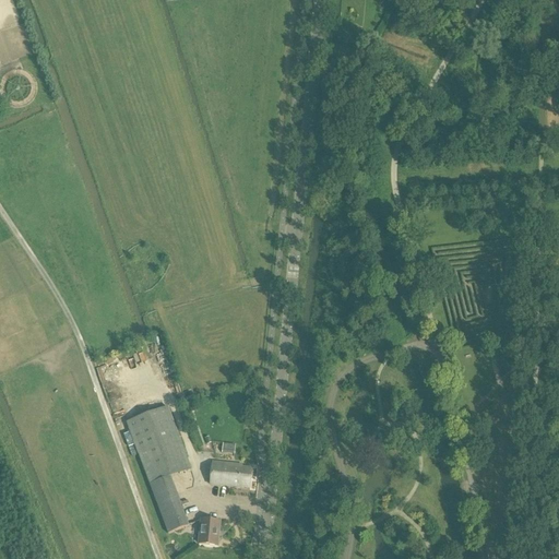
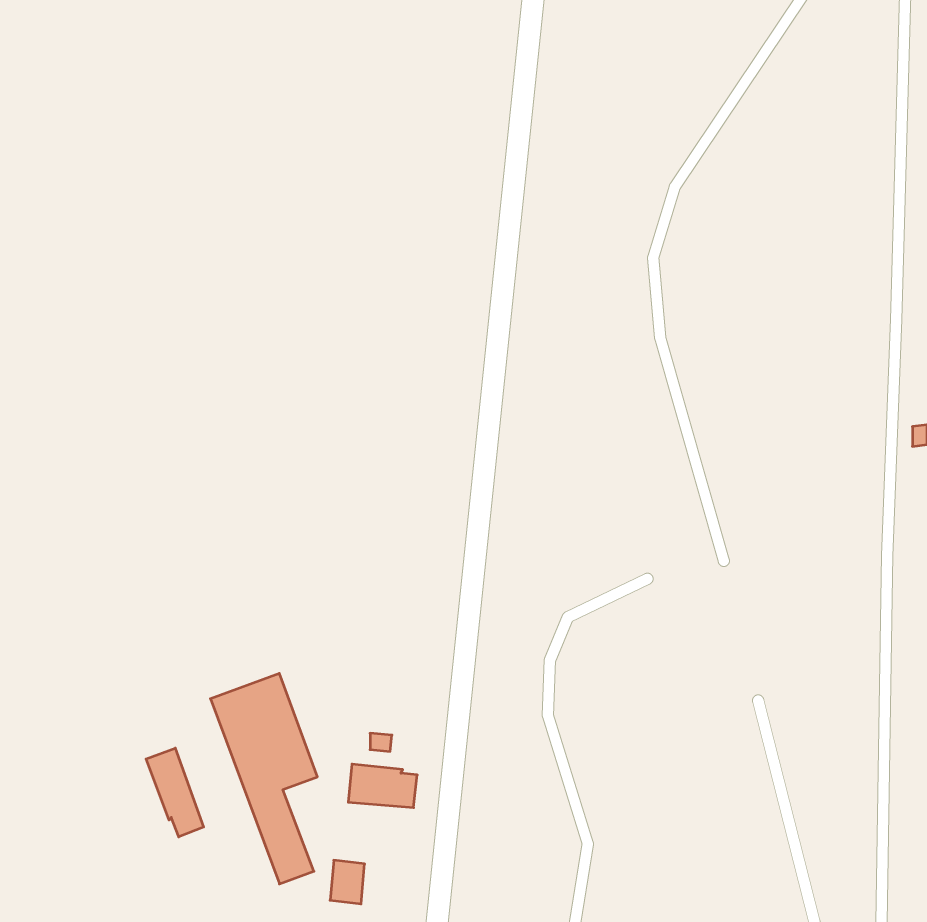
building: none -> [146,748,204,837]

